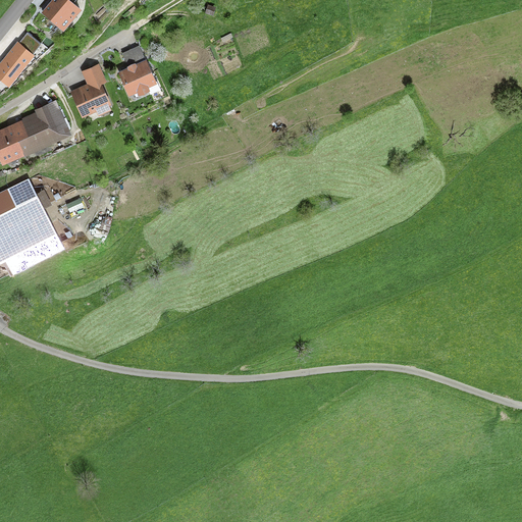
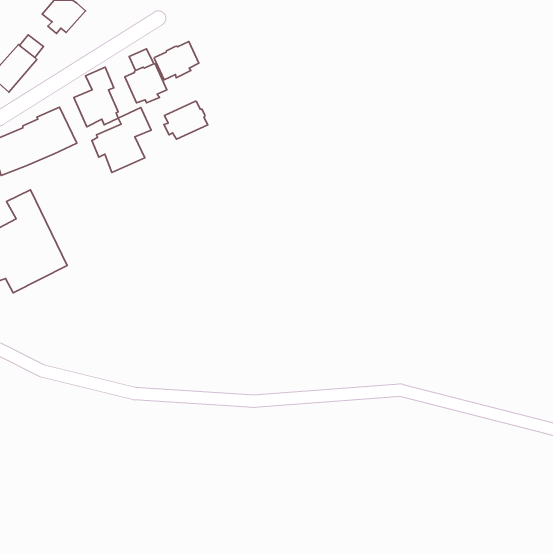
building: none -> [154,42,199,80]
building: none -> [164,101,208,139]
building: none -> [92,107,151,172]

